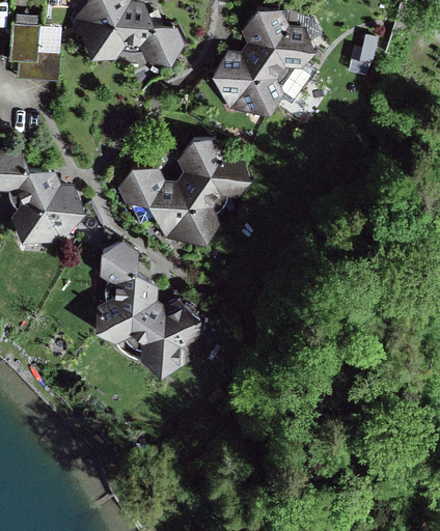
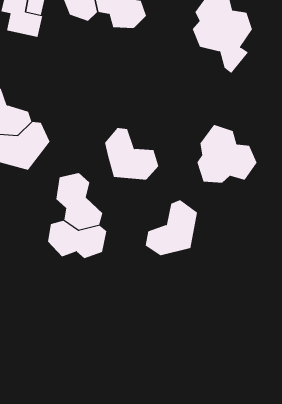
building: [213,52,284,112] -> none
building: [177,135,251,205] -> [196,124,258,183]
building: [118,165,164,227] -> none
building: [141,302,200,372] -> [145,199,198,256]

